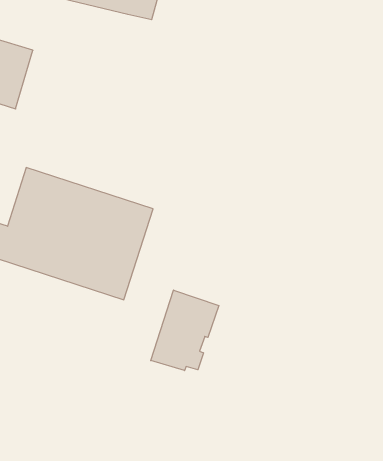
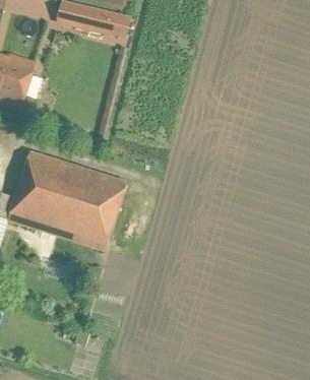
building: [151,290,219,371] -> none

